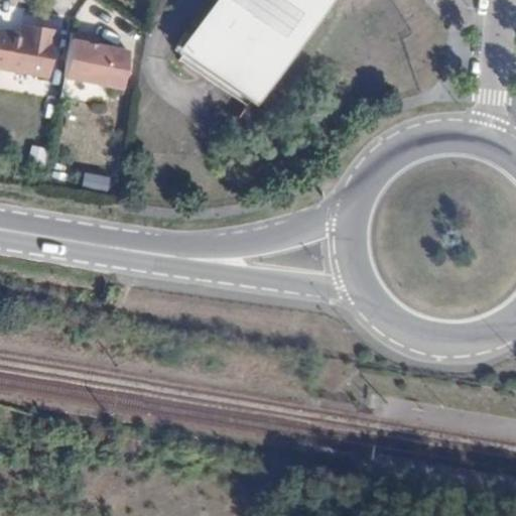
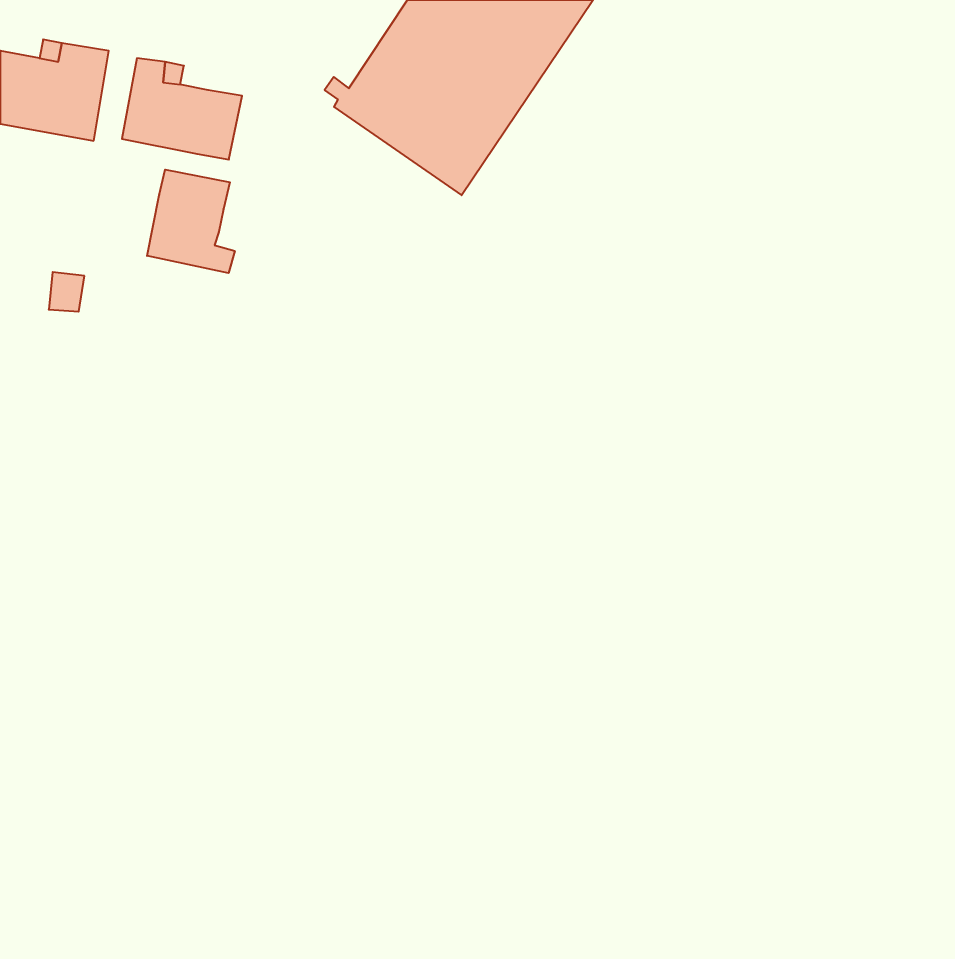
building: none -> [147,170,235,273]

